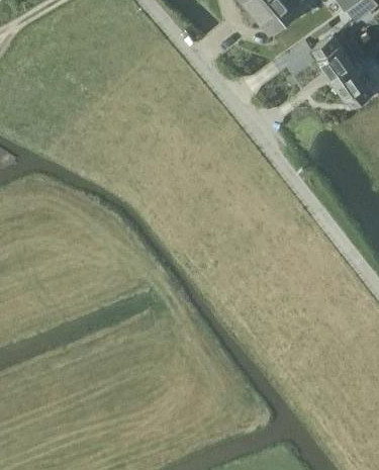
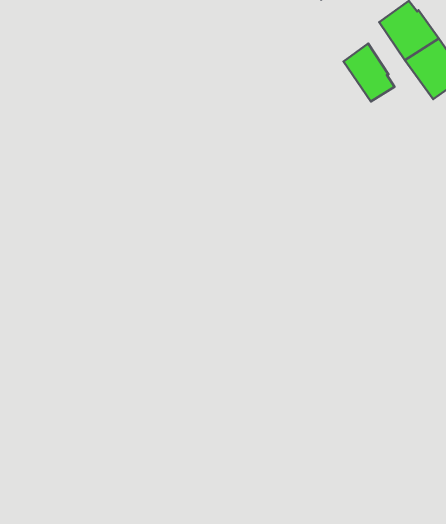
building: none -> [343,43,395,102]

